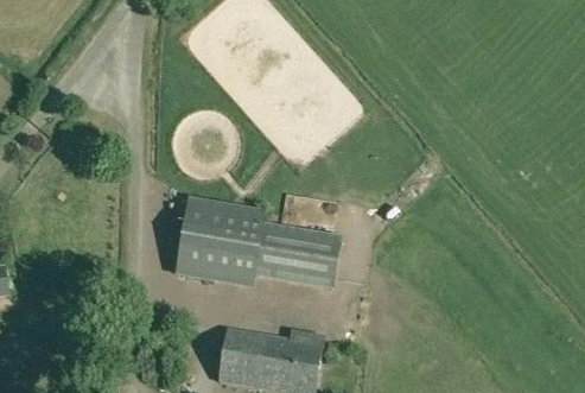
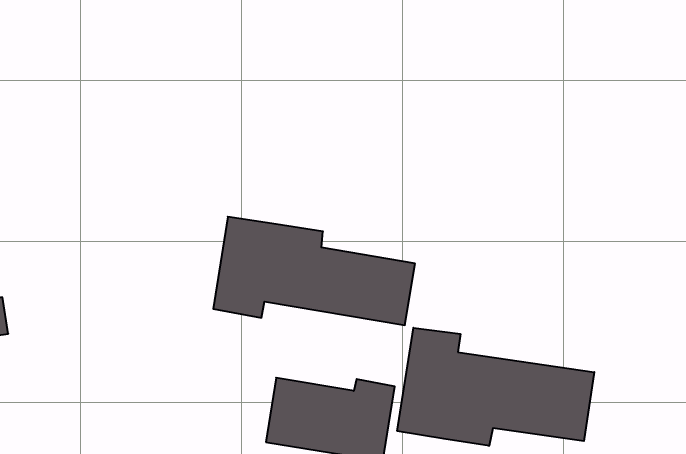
building: none -> [397,328,594,446]

